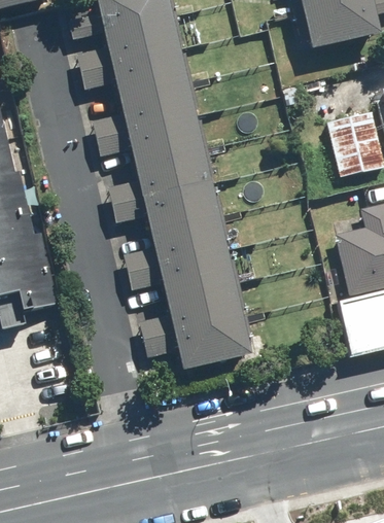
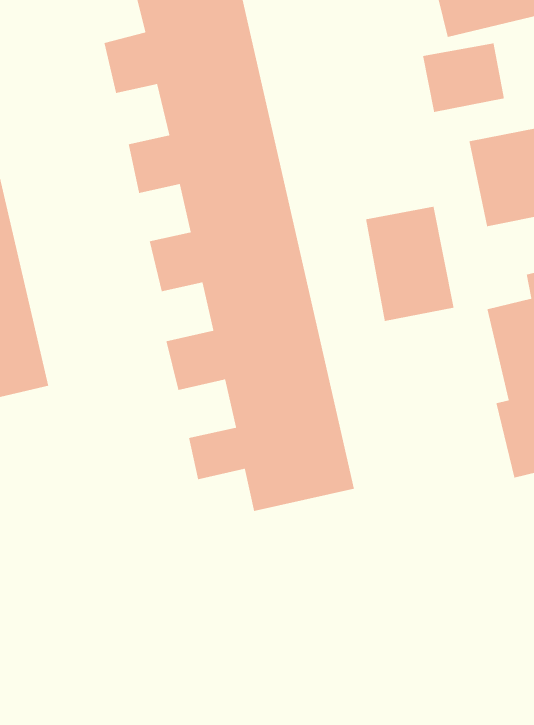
building: none -> [422,42,505,113]
building: none -> [365,206,454,322]

